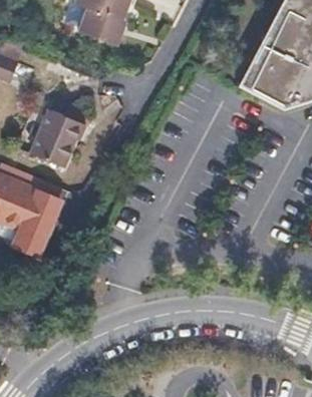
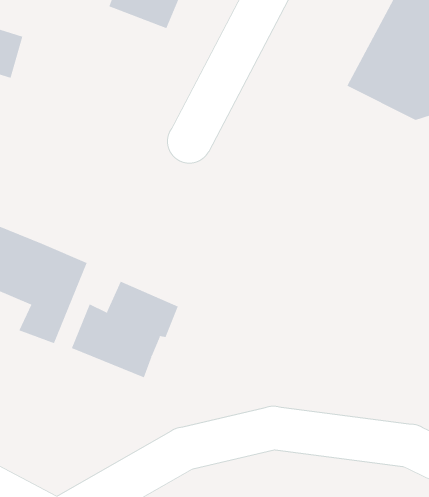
building: [32,110,87,166] -> none
building: none -> [71,281,179,378]

